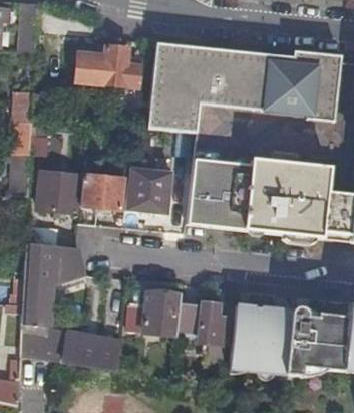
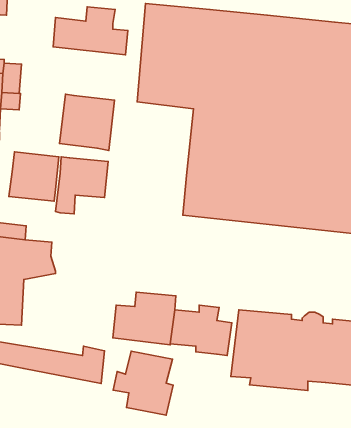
building: [127,165,174,213] -> [60,94,115,150]
building: none -> [113,351,173,415]

